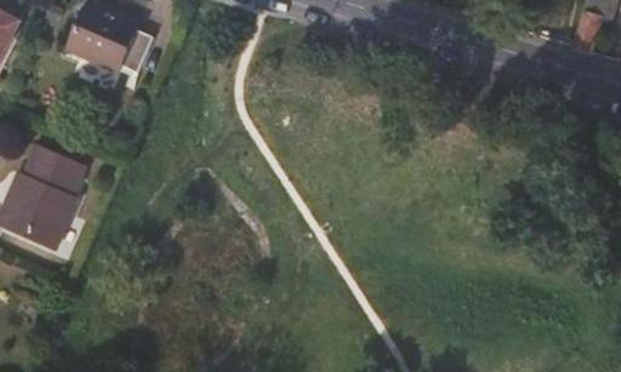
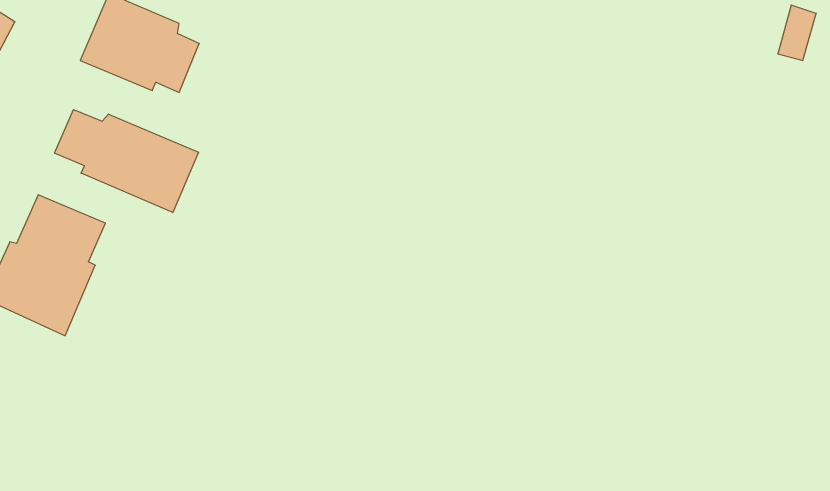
building: none -> [54,110,198,213]

